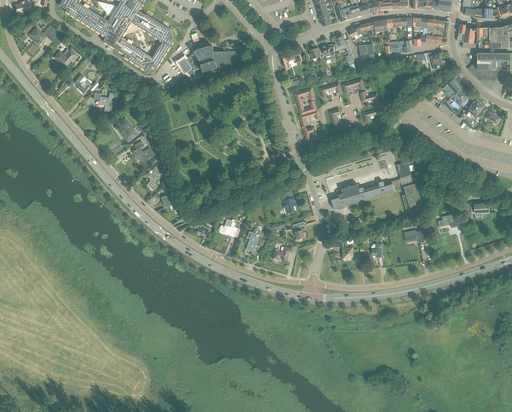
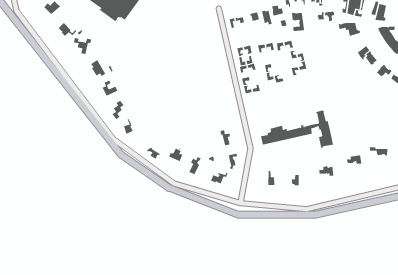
building: [176,45,237,77] -> none

